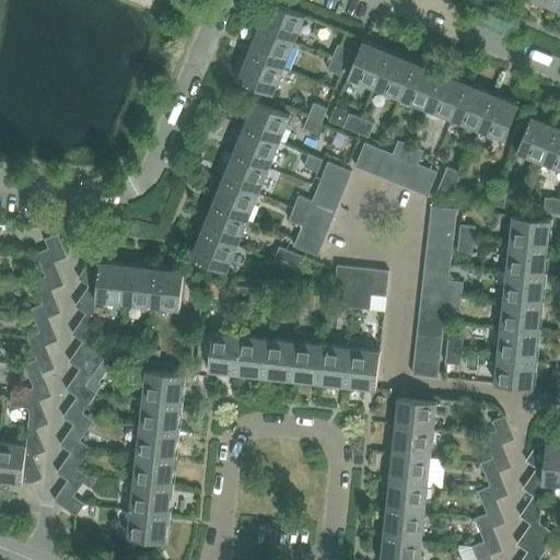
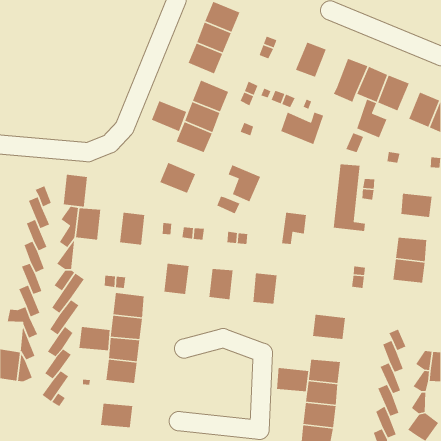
building: [347,43,388,90] -> none
building: [399,63,440,110] -> none
building: [397,147,436,197] -> [356,99,387,138]
building: [293,163,351,224] -> none
building: [212,180,258,221] -> [151,100,187,132]
building: [502,215,550,249] -> none
building: [190,232,237,273] -> none
building: [124,266,155,308] -> [63,174,88,208]
building: [332,266,361,310] -> none
building: [503,272,544,304] -> none
building: [411,290,462,378] -> none
building: [235,337,268,377] -> none
building: [291,342,323,384] -> none
building: [347,349,380,389] -> none
building: [494,355,535,388] -> none
building: [393,427,434,458] -> [276,367,309,392]
building: [130,482,171,514] -> [78,326,110,351]

